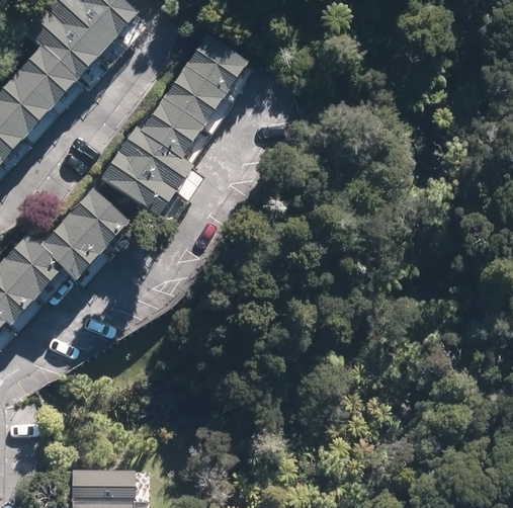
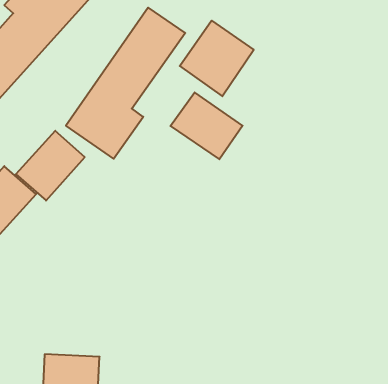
building: none -> [180,21,254,96]
building: none -> [170,92,243,159]

